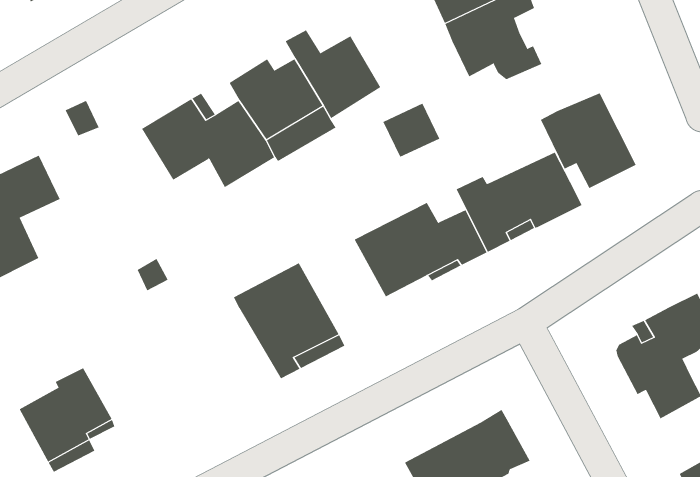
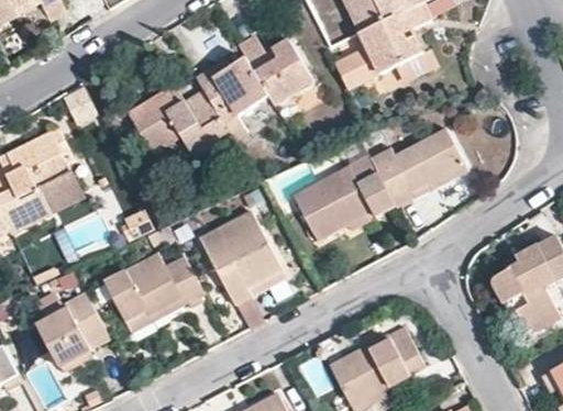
building: [540,93,636,189] -> none
building: [383,103,440,158] -> [335,44,379,86]
building: none -> [36,165,81,210]
building: none -> [106,256,202,321]

